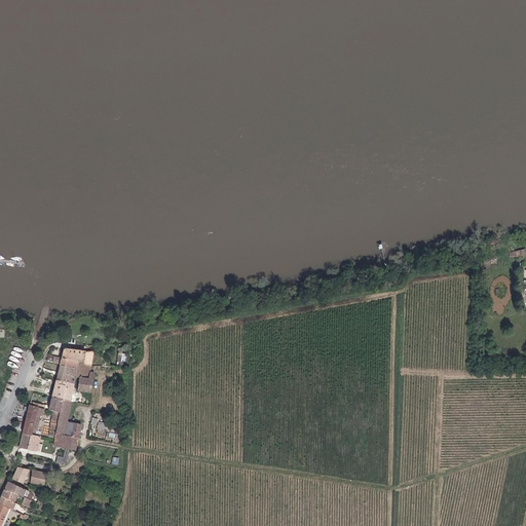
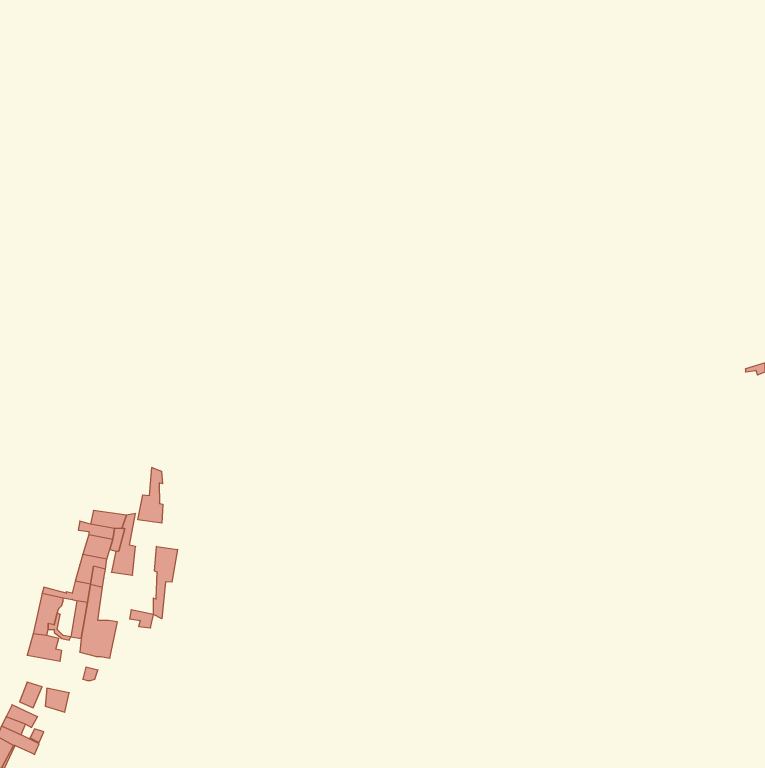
building: none -> [138,467,163,523]
building: none -> [153,546,178,619]

